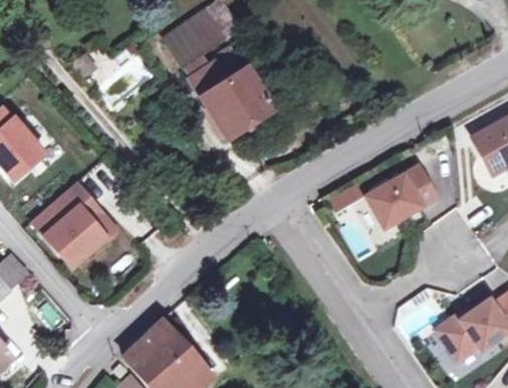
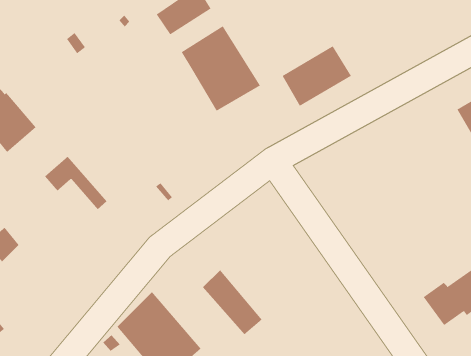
building: [364,163,436,225] -> [282,45,352,107]
building: [31,204,106,268] -> none
building: none -> [202,270,262,335]

